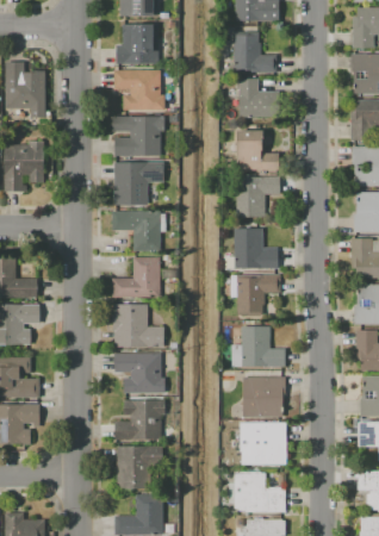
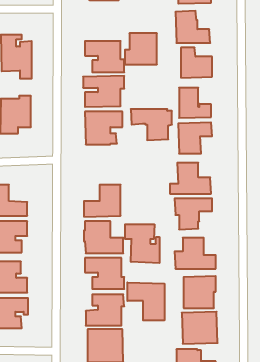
building: [116,24,157,64] -> [125,33,157,64]
building: [111,211,164,251] -> [131,109,172,140]
building: none -> [125,224,159,263]
building: none -> [127,282,164,320]

